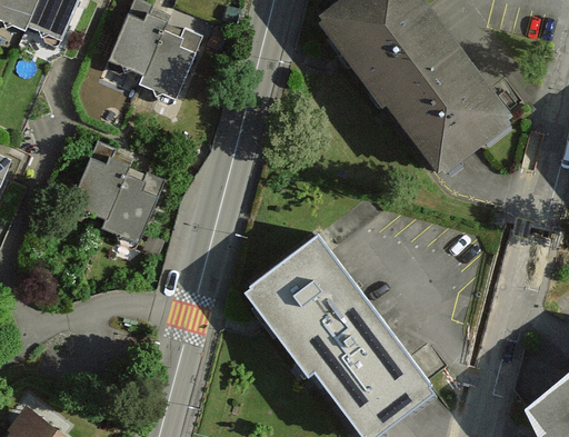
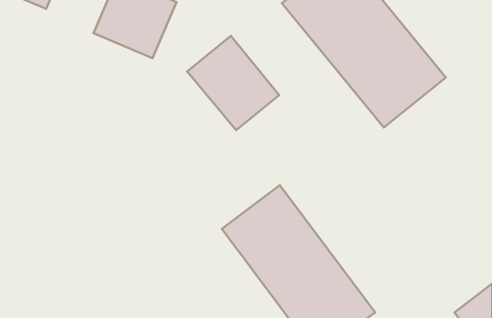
building: none -> [187,36,279,130]
building: [69,151,167,245] -> none

